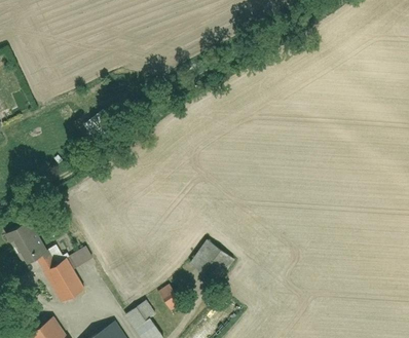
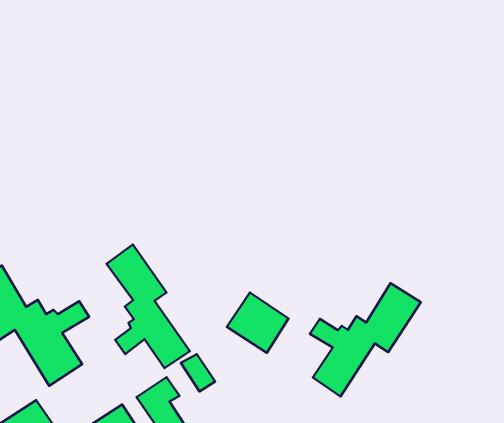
building: none -> [107,245,190,368]
building: none -> [310,283,421,396]

